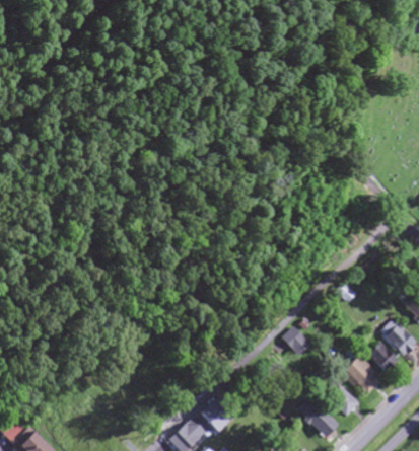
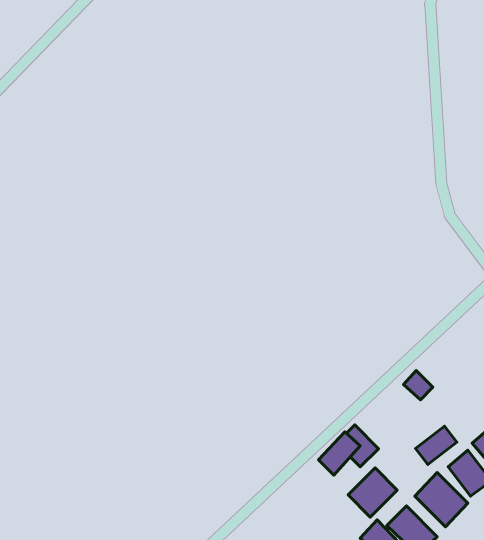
building: none -> [416,426,457,465]
building: none -> [348,468,397,517]

